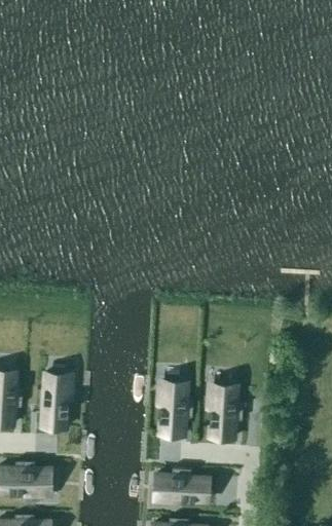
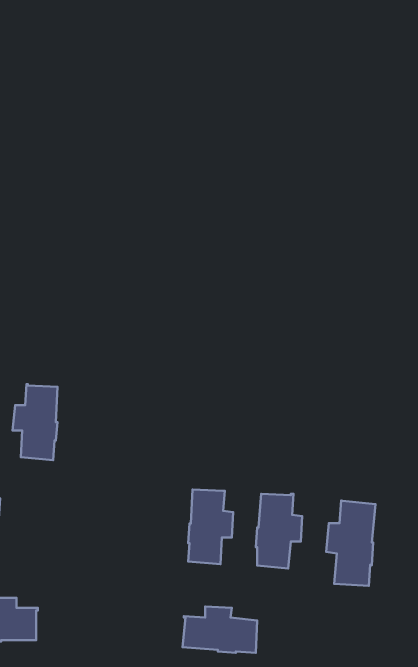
building: [37,373,70,428] -> [12,384,57,460]
building: none -> [326,501,376,586]

